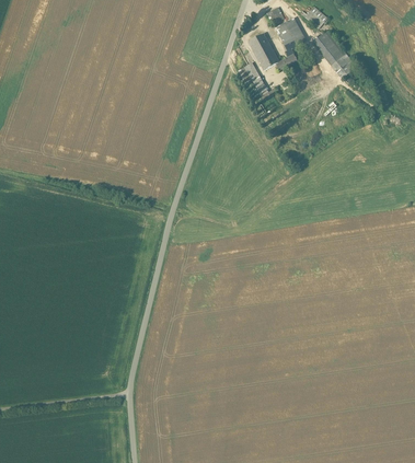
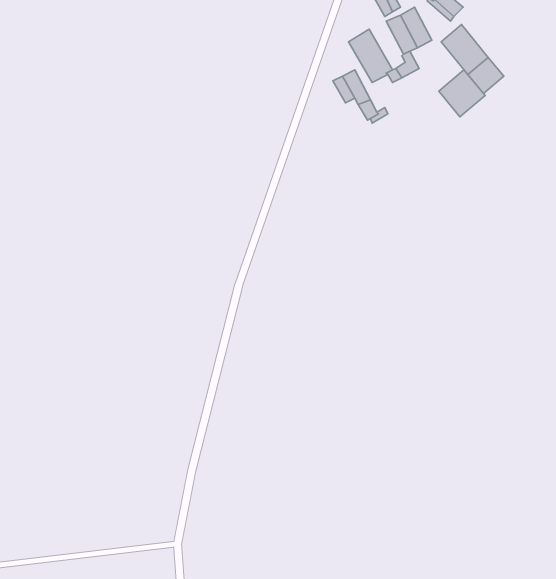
building: none -> [439,70,485,117]

